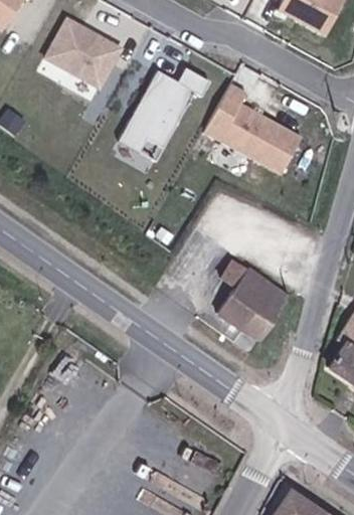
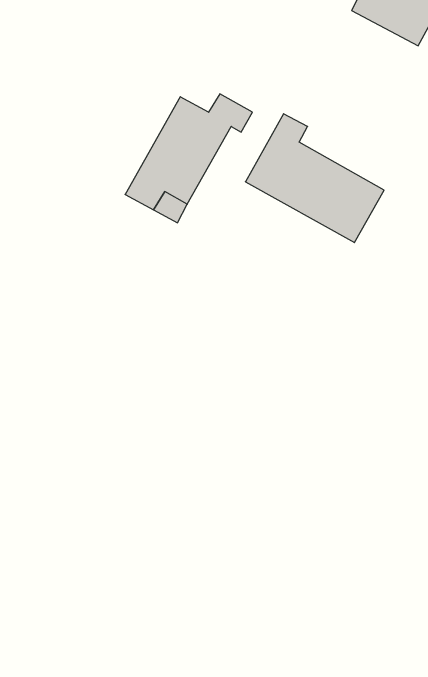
building: [43,20,118,89] -> none
building: [227,252,296,332] -> none

